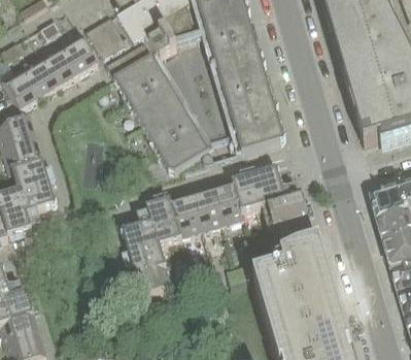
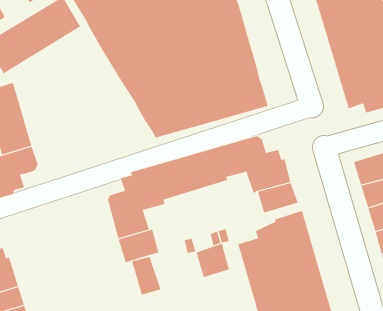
building: none -> [196,243,230,278]
building: none -> [131,256,161,296]

